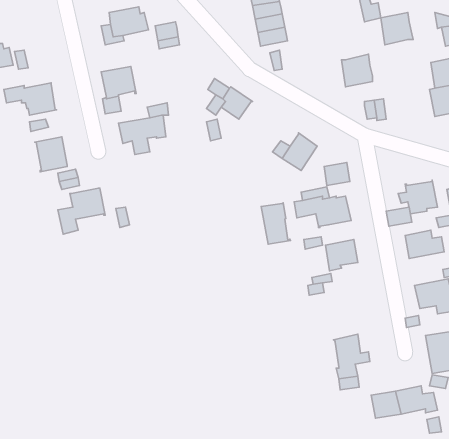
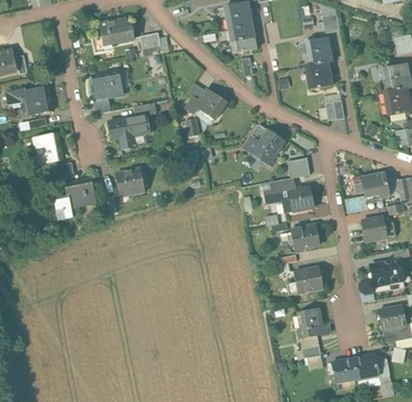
building: [381,12,413,45] -> [305,36,333,65]
building: none -> [115,169,144,195]
building: [261,203,290,244] -> none
building: none -> [287,266,322,293]

